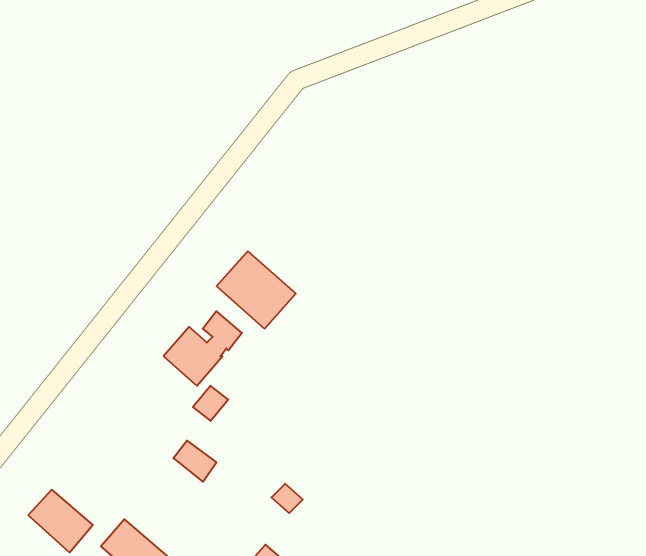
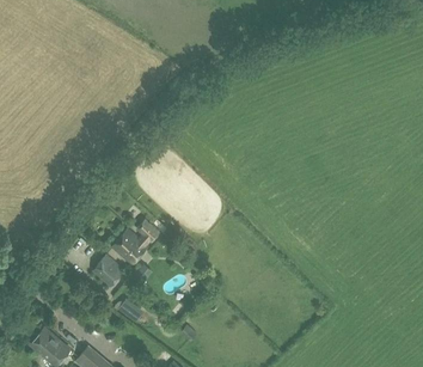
building: [217,251,296,329] -> none
building: none -> [92,253,124,285]

